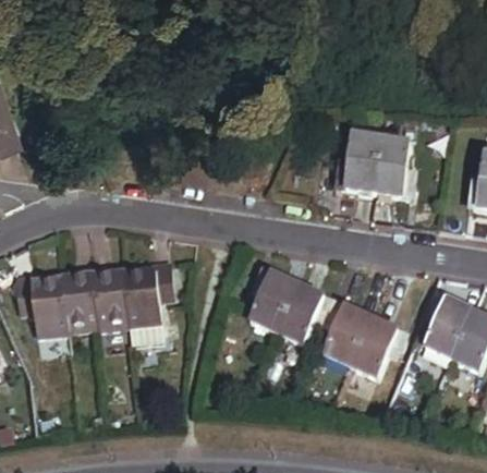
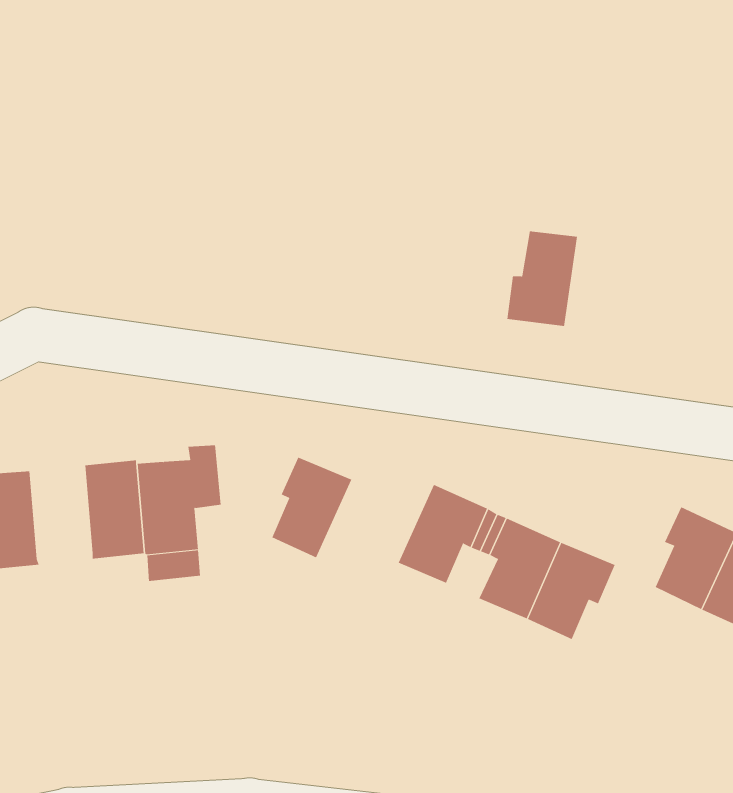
building: [373,140,412,197] -> none
building: [62,270,98,327] -> none
building: [249,270,296,329] -> [272,457,352,558]

